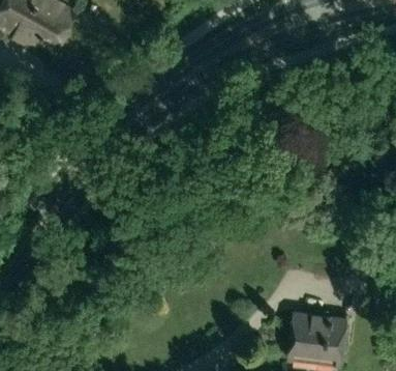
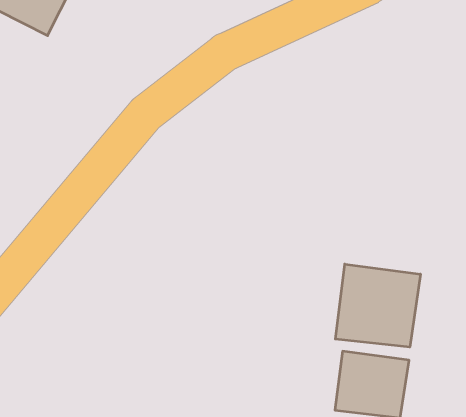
building: none -> [335,264,420,347]

